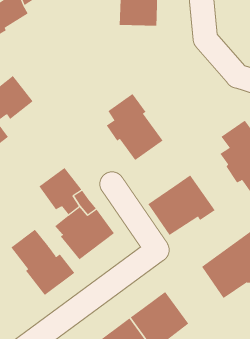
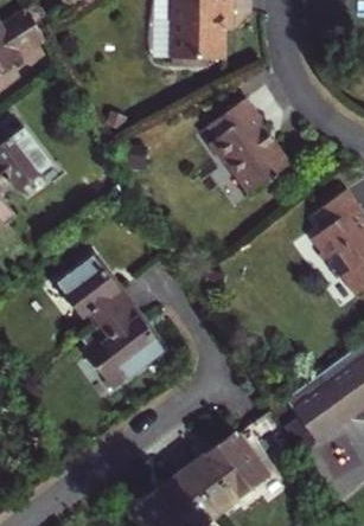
building: [106,93,163,161] -> [210,100,290,194]
building: [147,175,215,236] -> none
building: [11,229,75,296] -> none

